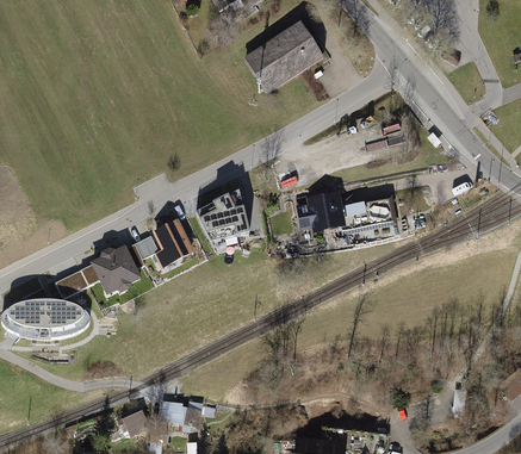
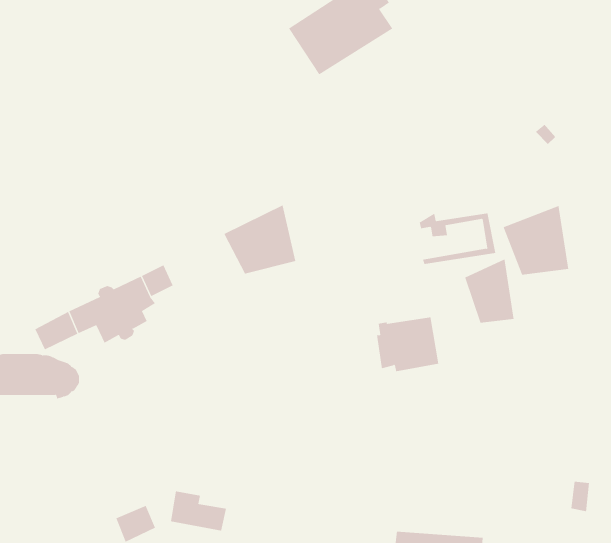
building: none -> [503,205,569,276]
building: [296,192,342,232] -> [376,317,439,372]
building: [157,219,193,261] -> none
building: none -> [465,258,514,324]

